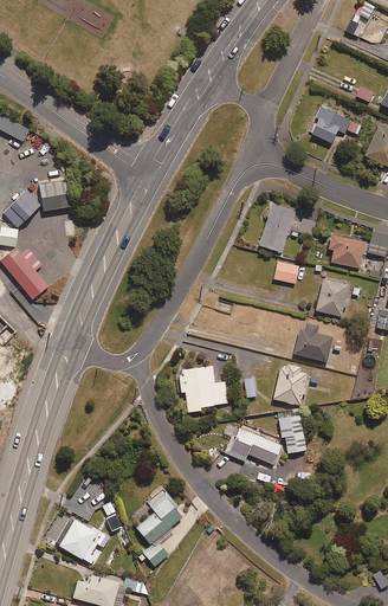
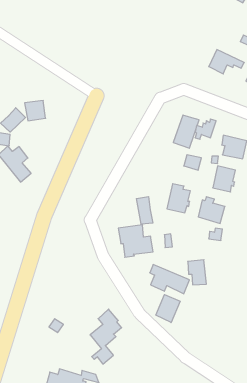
building: none -> [136,197,153,224]
building: [273,362,308,405] -> [167,184,190,213]
building: none -> [156,295,180,323]
building: [53,516,109,565] -> none

